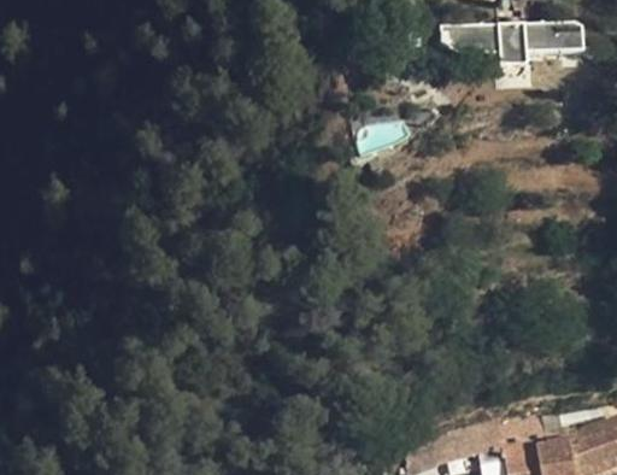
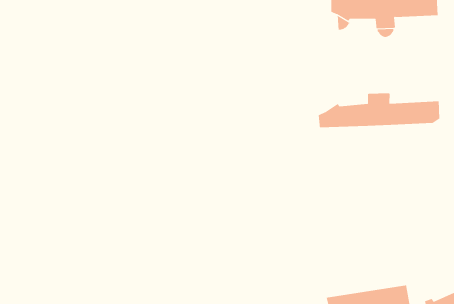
building: none -> [318,92,440,128]

